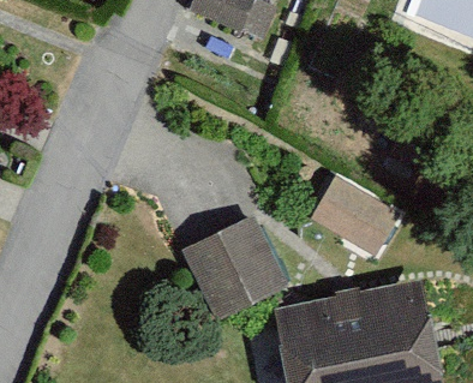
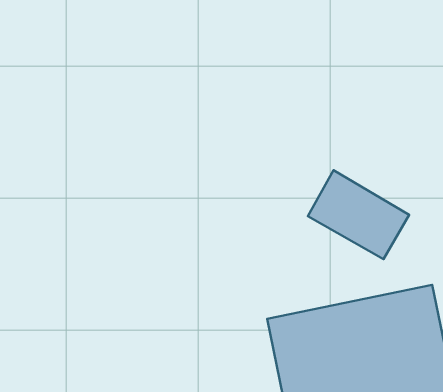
building: [185,216,280,312] -> none

